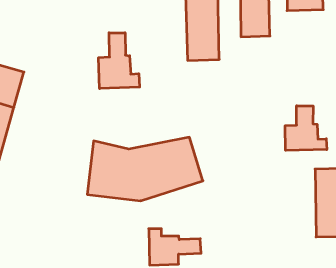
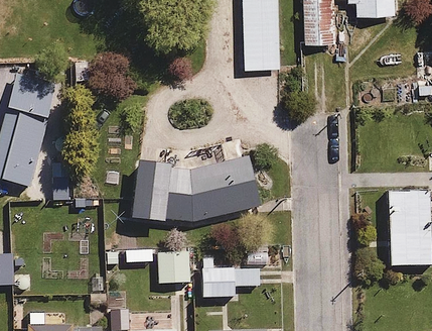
building: [99,33,140,89] -> none
building: [285,106,327,150] -> none
building: none -> [155,249,191,283]

